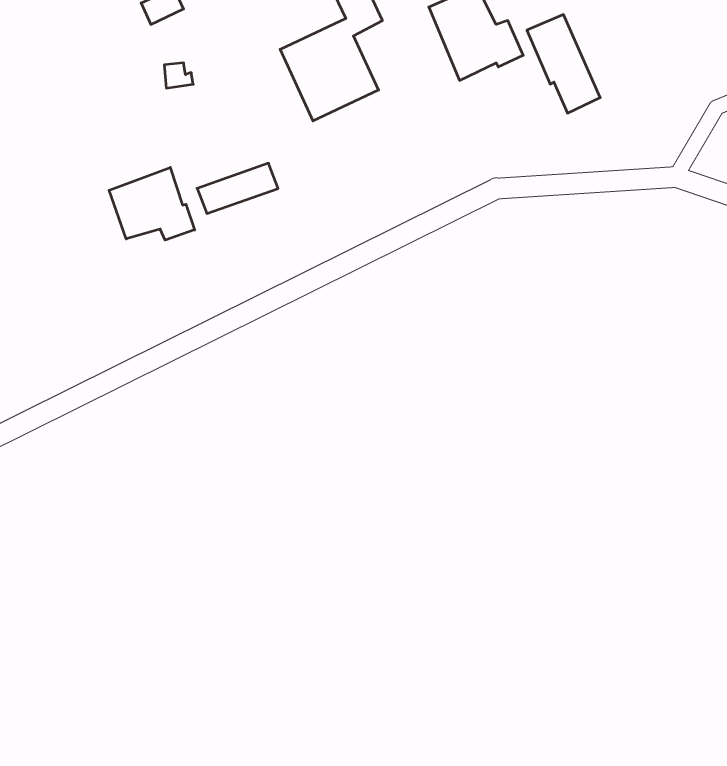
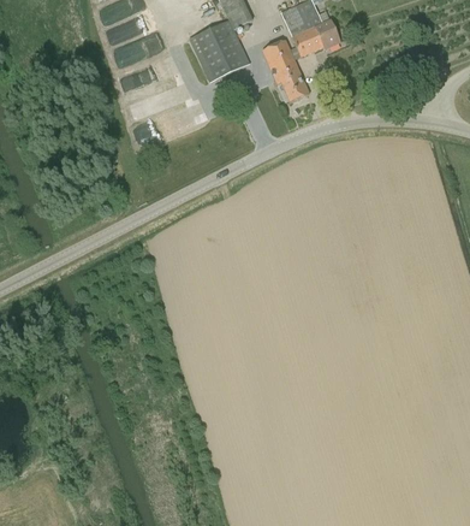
building: [527,15,600,113] -> [263,41,309,102]
building: [109,167,195,240] -> none

